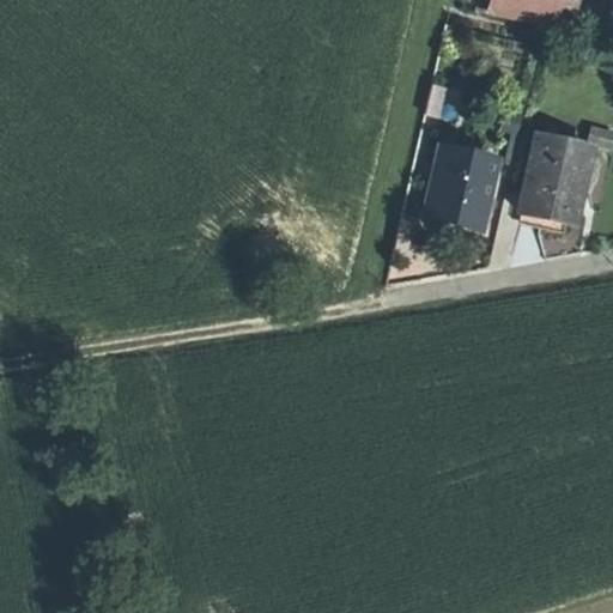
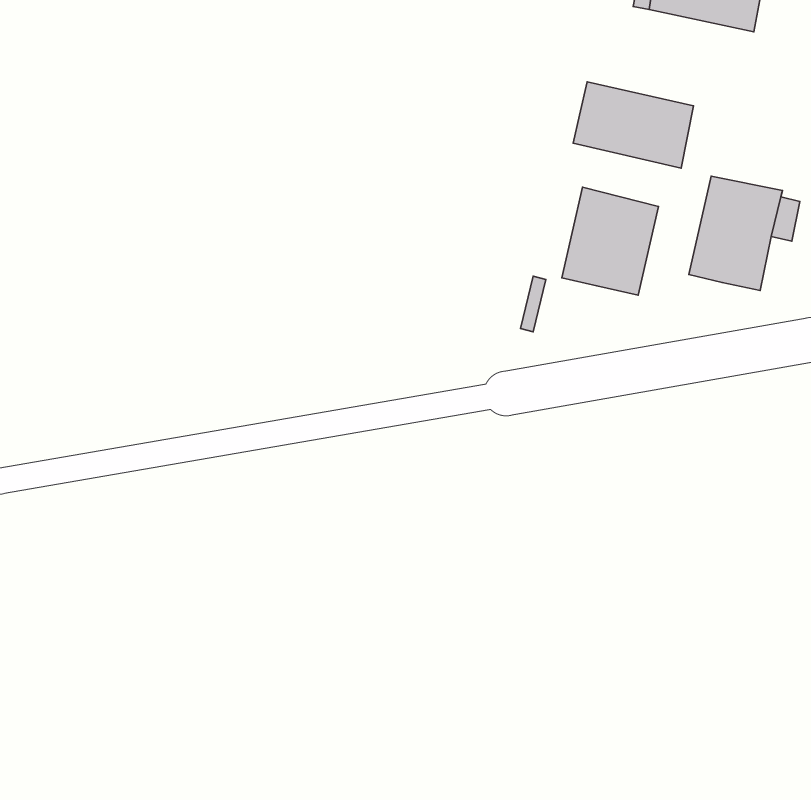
building: none -> [573,82,694,168]

